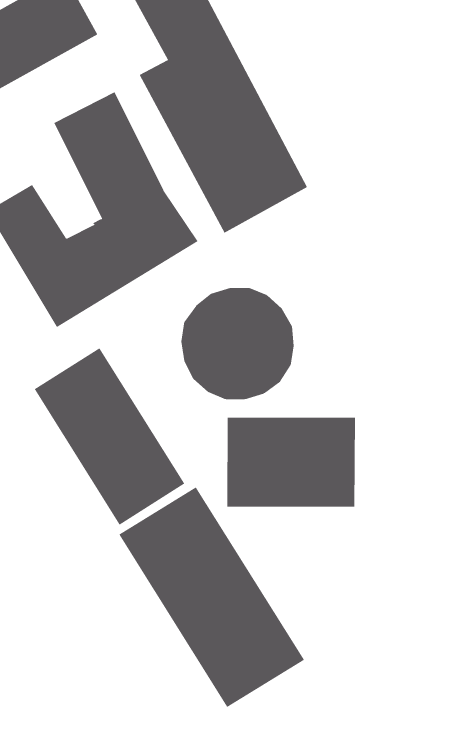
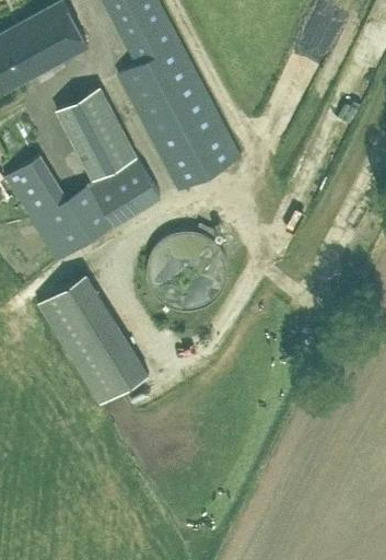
building: [227,417,355,508] -> none
building: [119,487,305,708] -> none

